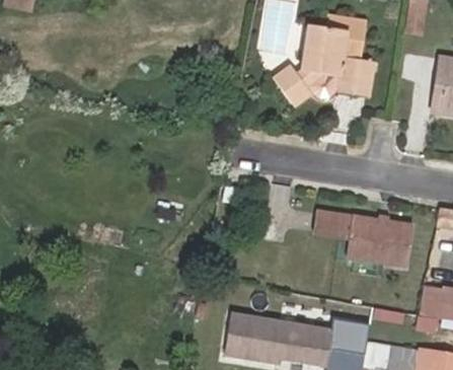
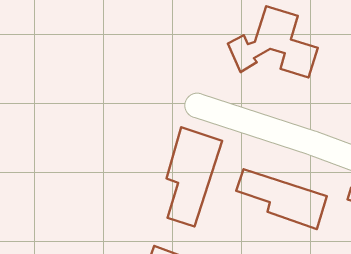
building: none -> [167,127,222,226]

